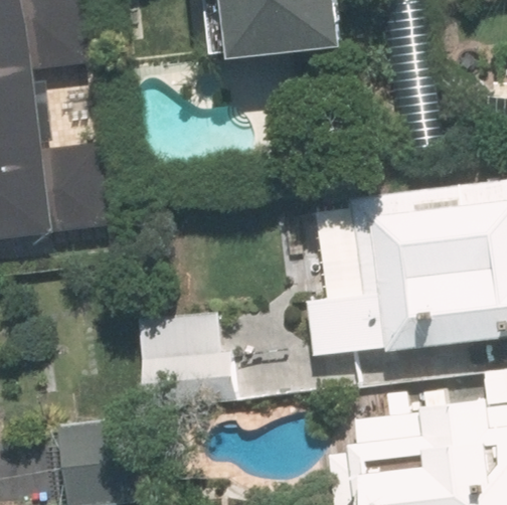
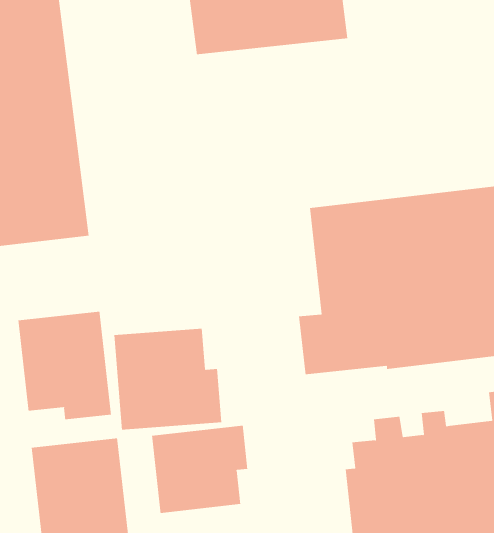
building: none -> [18,311,112,420]
building: none -> [152,425,248,514]

